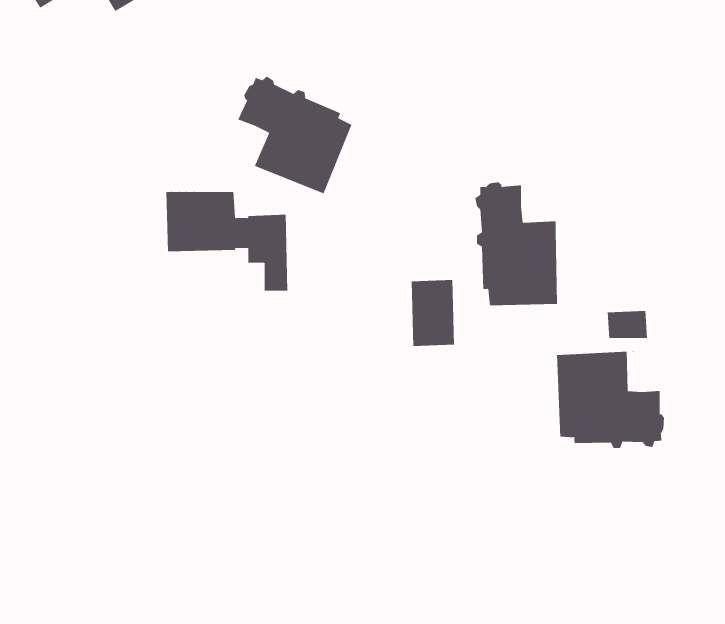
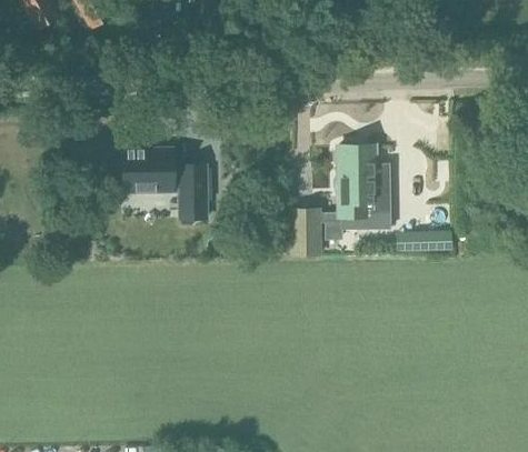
building: [237,76,352,194] -> none
building: [557,351,665,449] -> none

